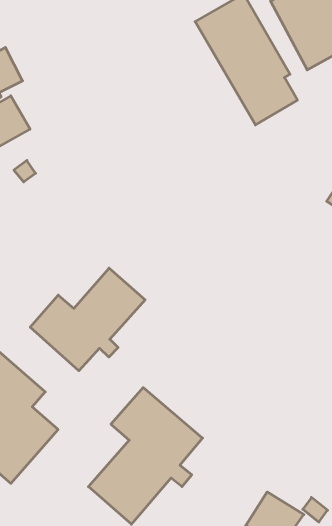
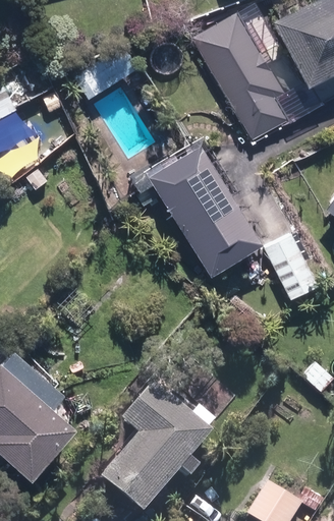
building: none -> [149,146,261,275]
building: none -> [267,236,320,301]
building: [30,268,145,371] -> none

